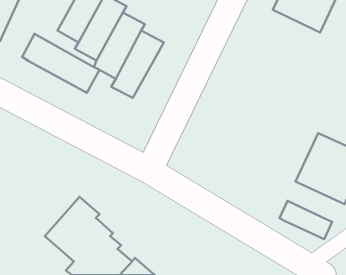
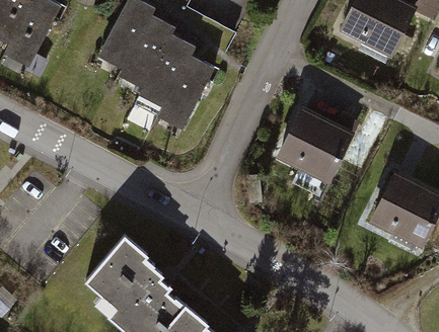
building: [22,34,99,93] -> none
building: none -> [272,106,350,181]
building: [280,201,332,239] -> none

